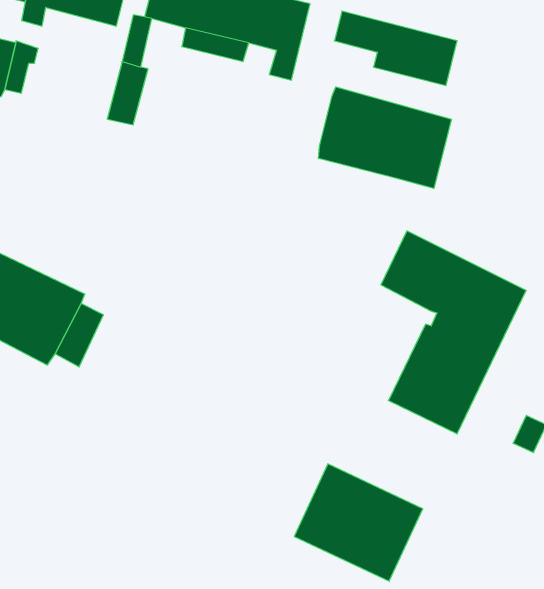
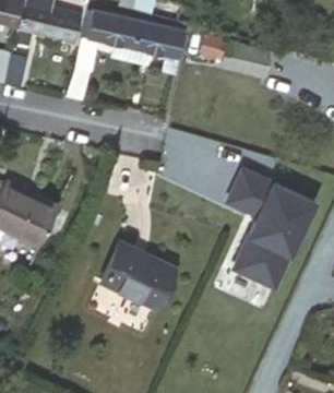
building: [318,87,452,188] -> none
building: [294,464,423,581] -> [100,240,176,309]

